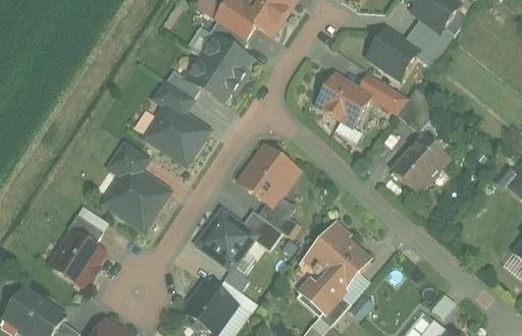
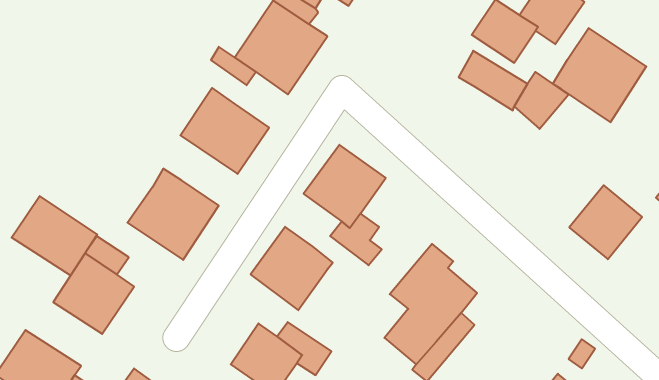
building: none -> [553,28,646,122]
building: [315,77,368,127] -> none
building: [151,78,193,112] -> none
building: [390,136,447,193] -> [569,185,642,259]
building: [106,139,152,176] -> none
building: none -> [12,196,97,276]
building: [244,210,282,250] -> none

